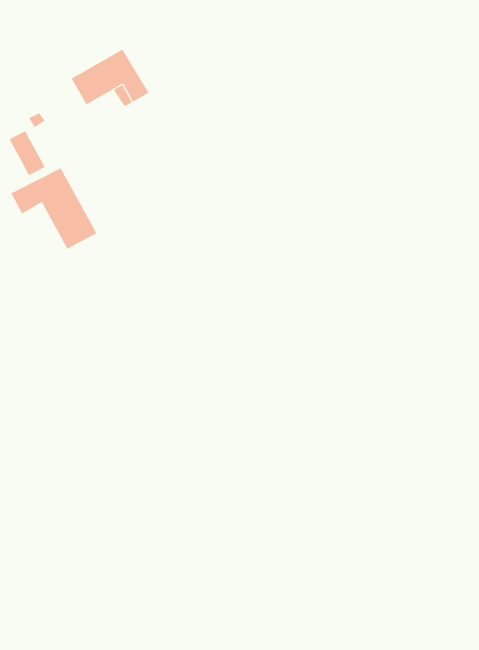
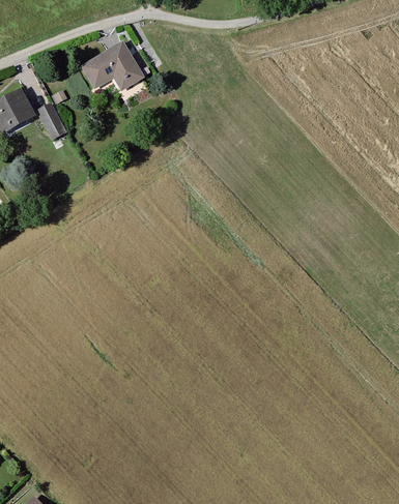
building: [10,167,97,250] -> none

